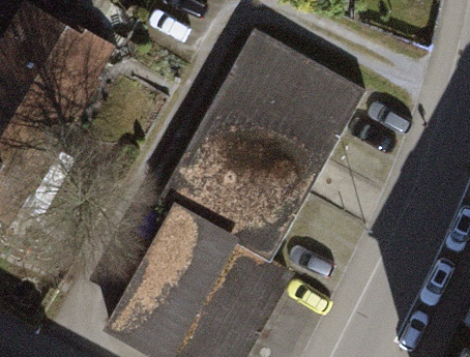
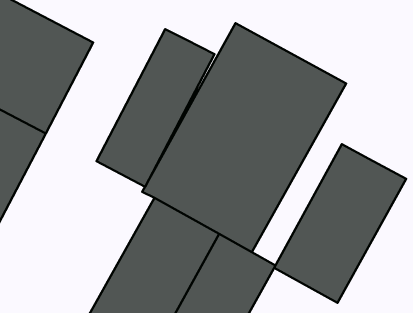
building: none -> [97,29,214,187]
building: none -> [274,144,406,303]

